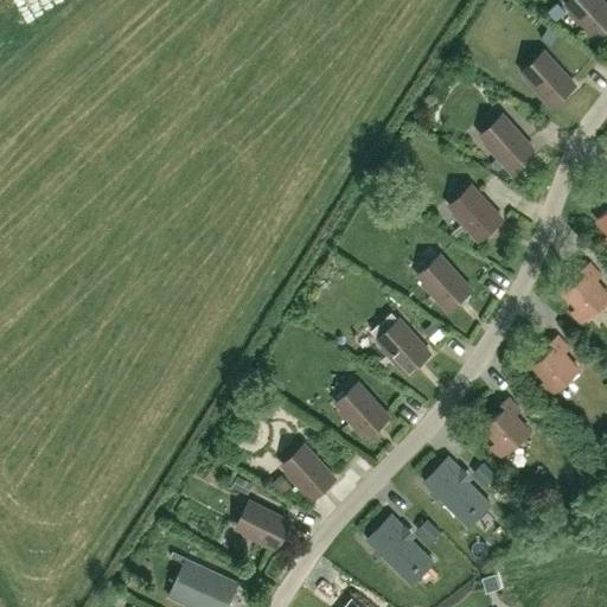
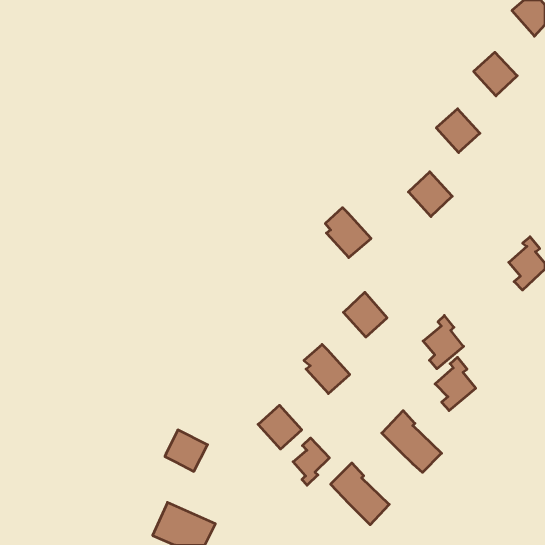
building: [421,255,472,311] -> [325,208,371,258]
building: [533,336,579,395] -> [423,315,464,369]
building: none -> [293,438,329,485]
building: [244,504,292,550] -> [165,430,208,471]

